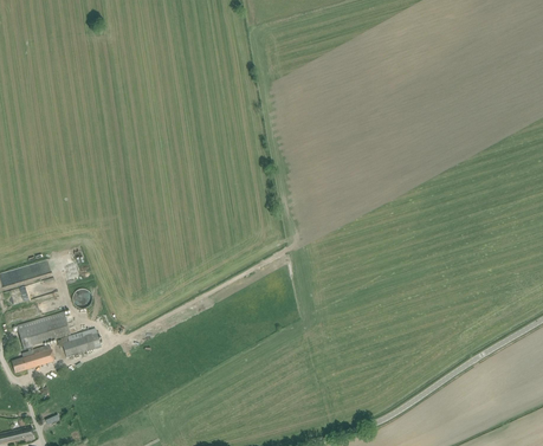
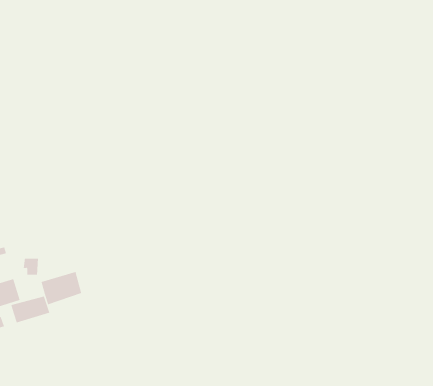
building: none -> [41,271,82,305]

